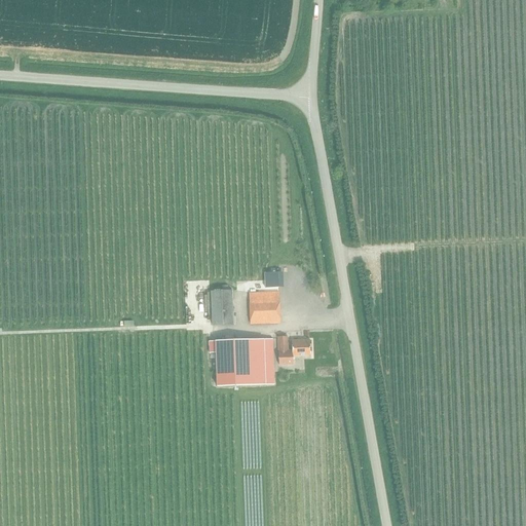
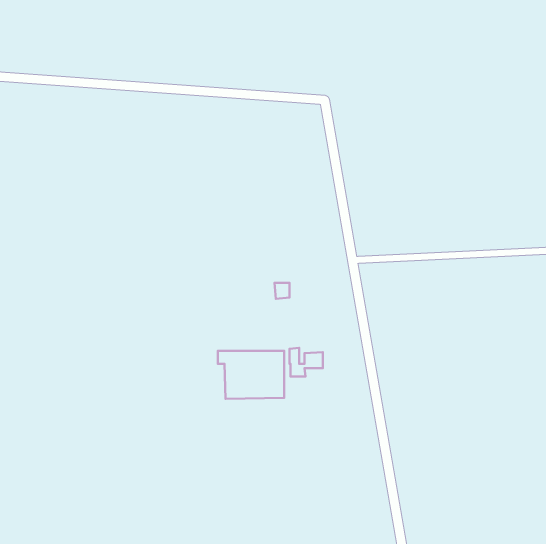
building: [212,286,233,325] -> none
building: [249,291,278,323] -> none

